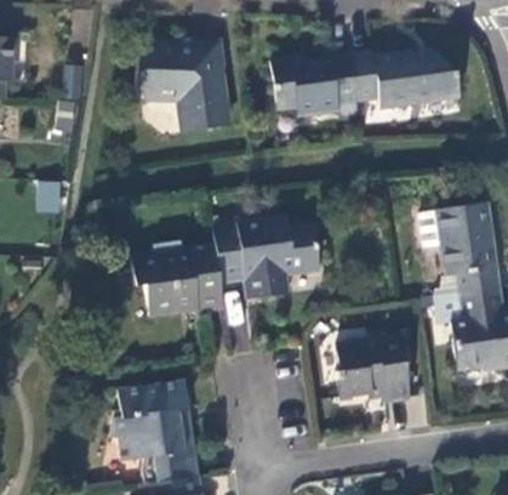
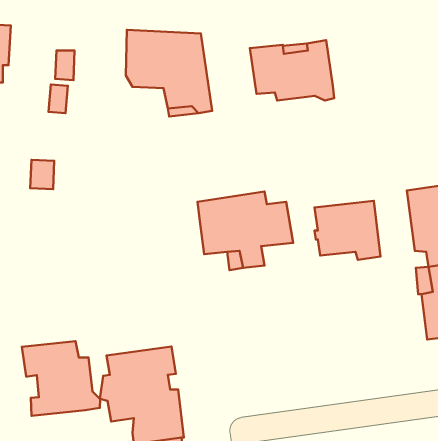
building: [352,49,462,108] -> none
building: [133,243,226,312] -> none
building: [339,340,410,403] -> [315,201,381,260]
building: none -> [22,341,100,416]

